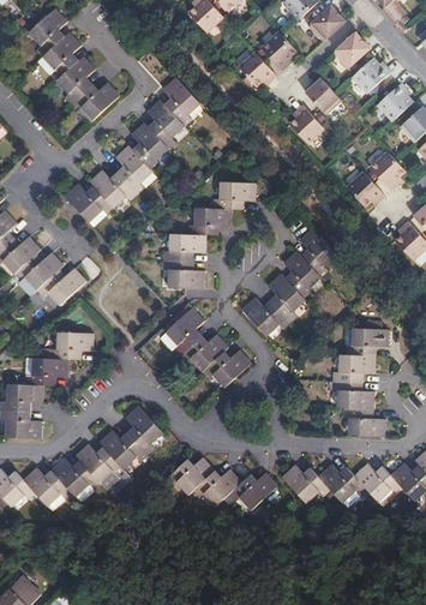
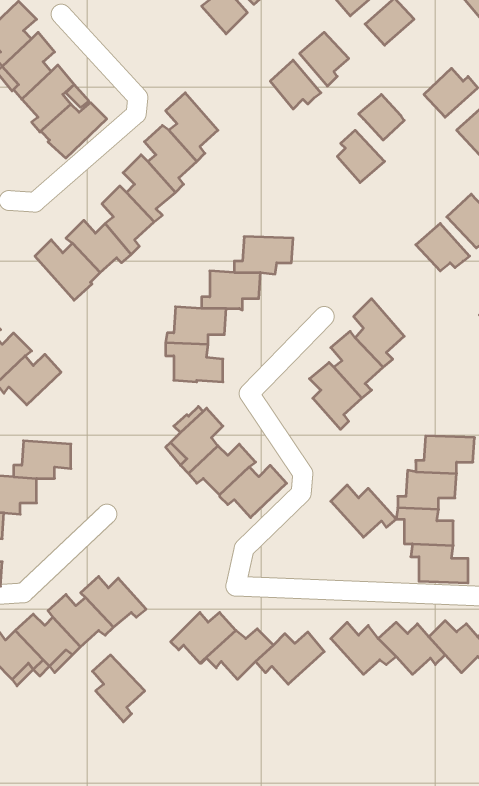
building: [332,32,370,68] -> none
building: [242,298,290,336] -> [331,485,396,537]
building: [125,406,163,455] -> [92,655,145,722]

